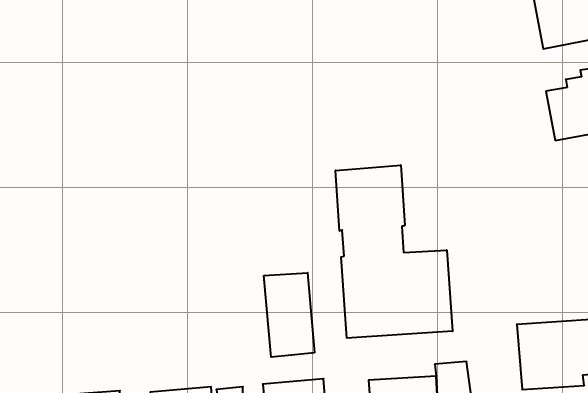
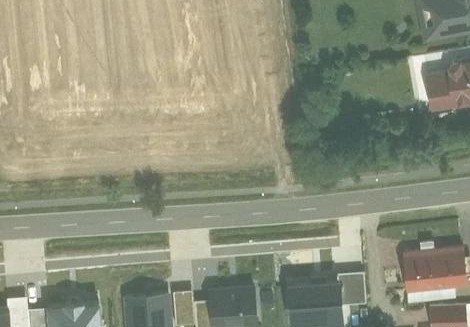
building: [336,165,453,338] -> none
building: [264,273,314,357] -> none

